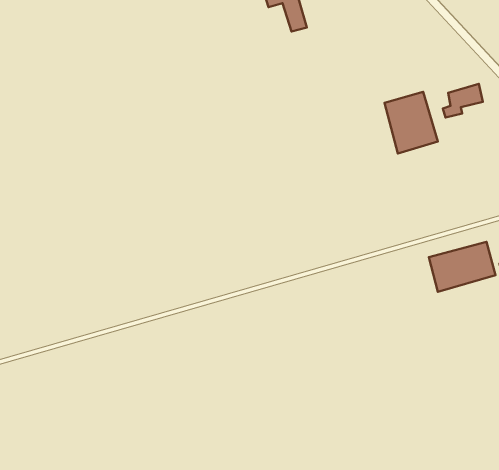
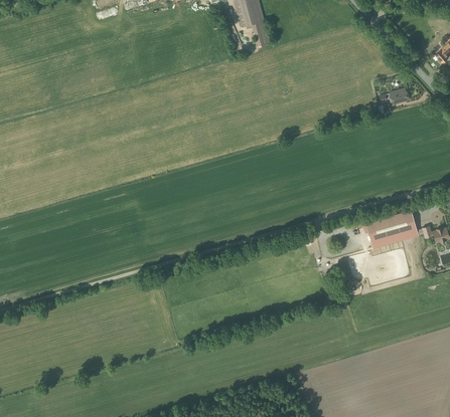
building: [384,92,438,153] -> none

